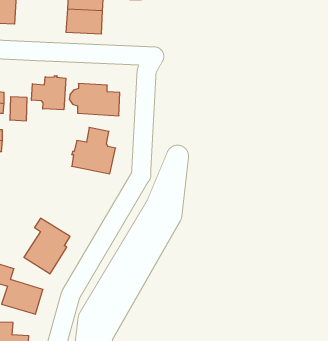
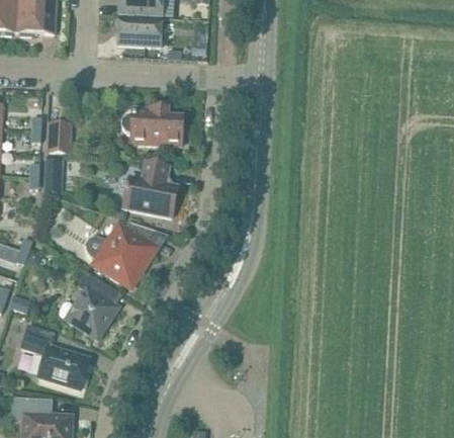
building: [31,76,66,110] -> none
building: none -> [43,158,62,192]
building: none -> [85,222,156,287]

